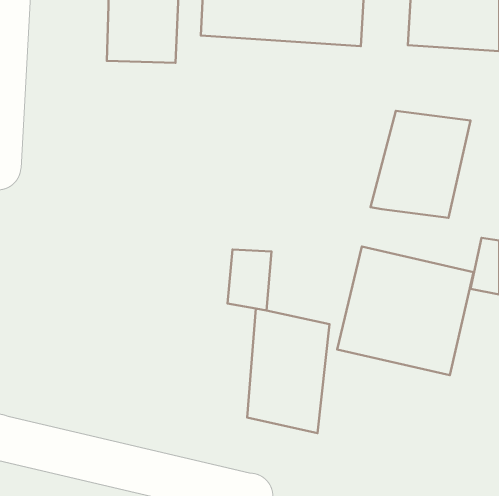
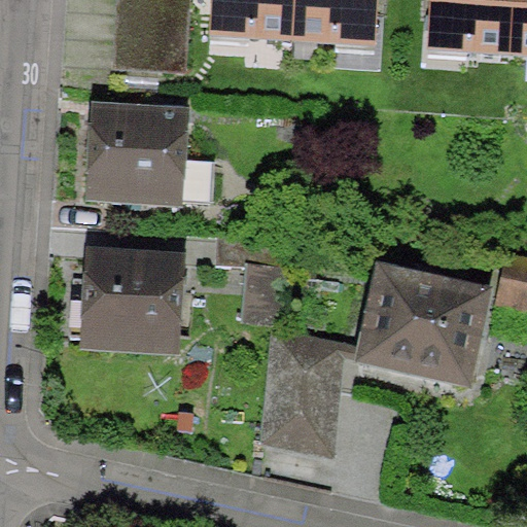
building: none -> [82,103,189,206]
building: [371,111,471,218] -> none
building: none -> [78,249,182,352]

